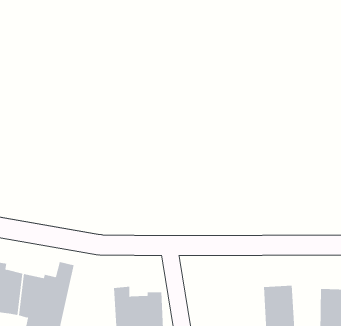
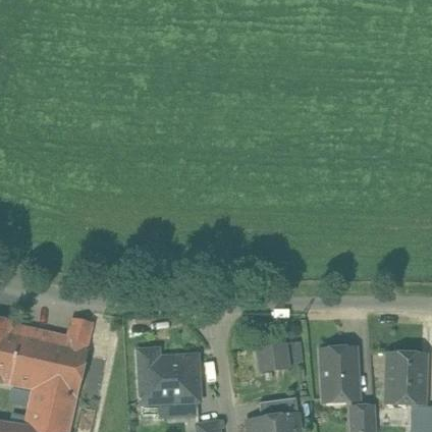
building: none -> [254,345,290,374]

